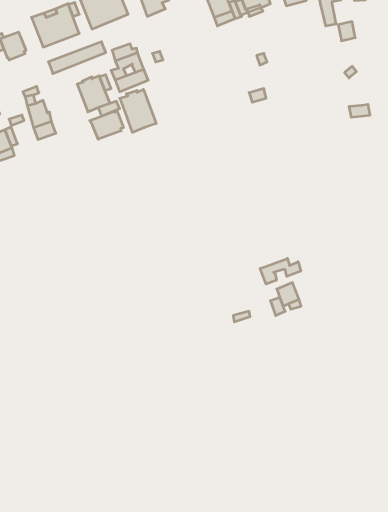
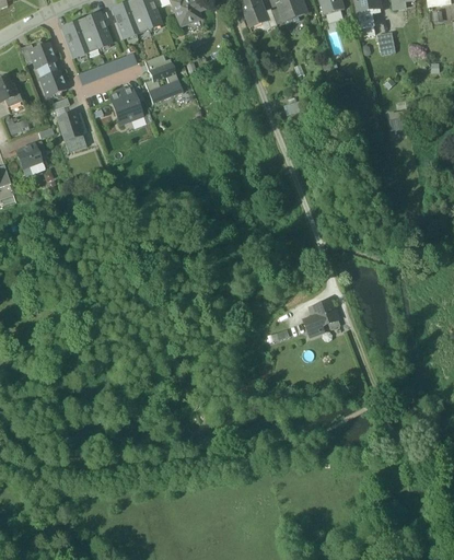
building: none -> [38,63,66,96]
building: [120,89,156,132] -> none
building: [90,111,123,139] -> none
building: [260,258,301,284] -> none

